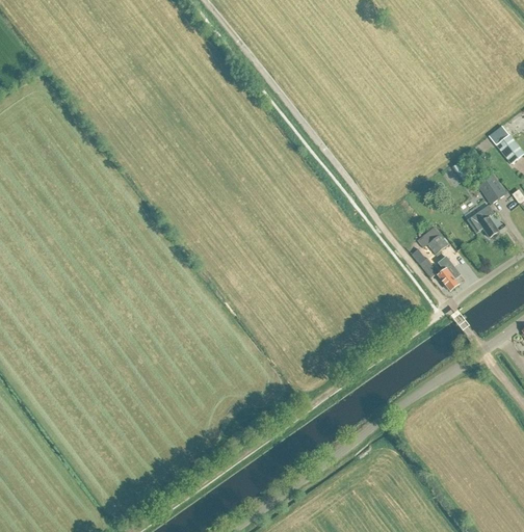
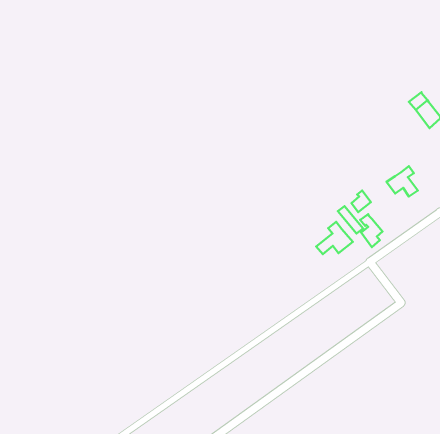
building: [477,174,504,203] -> none
building: none -> [316,222,353,254]

